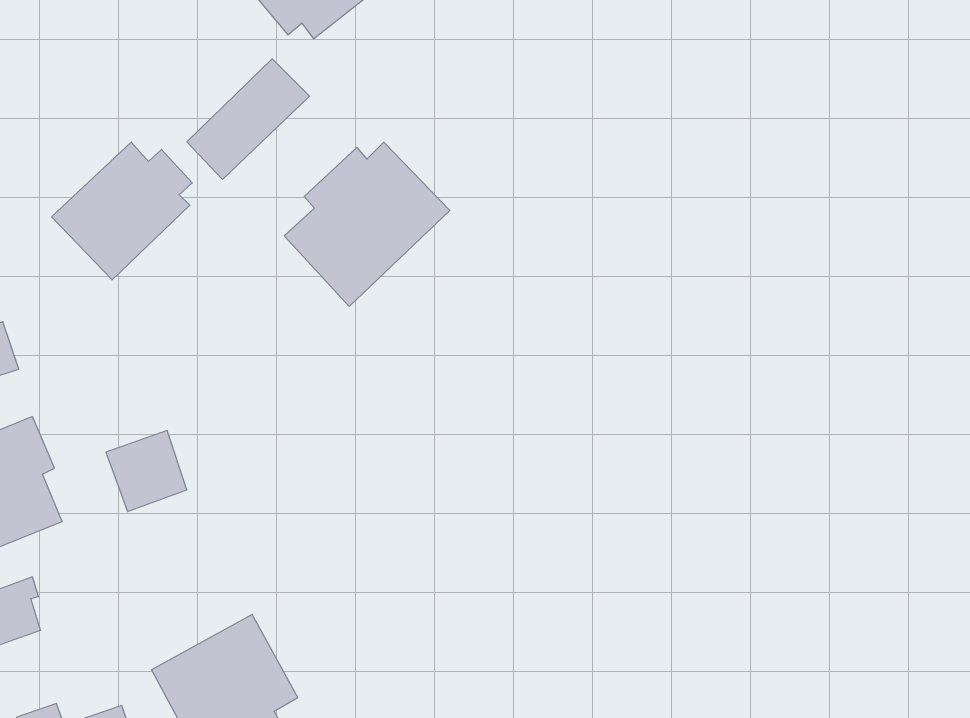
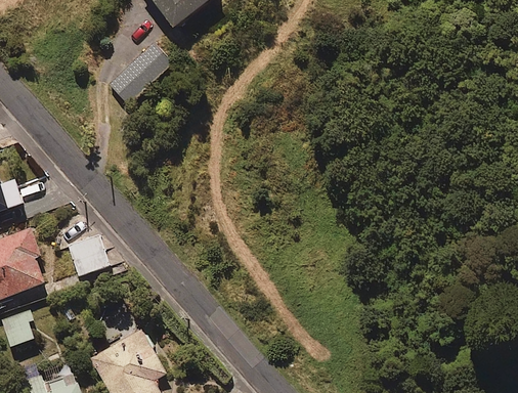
building: [52,142,192,280] -> none
building: [284,142,450,306] -> none

